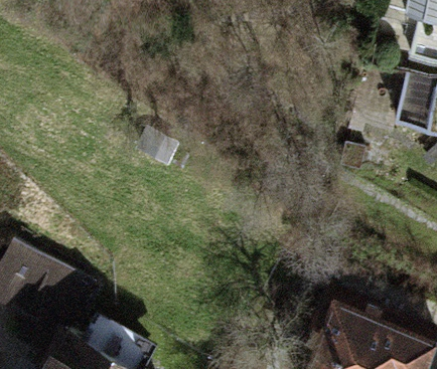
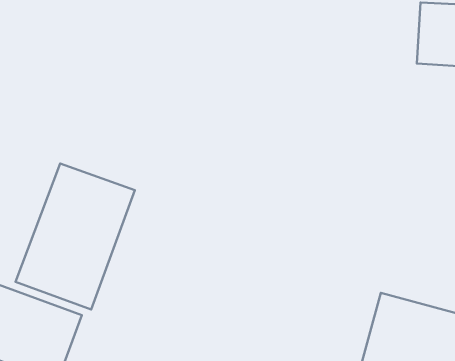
building: none -> [16,163,135,309]

